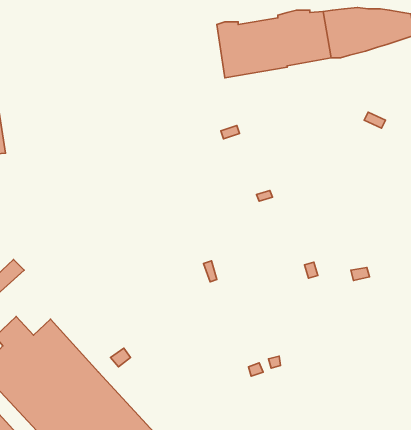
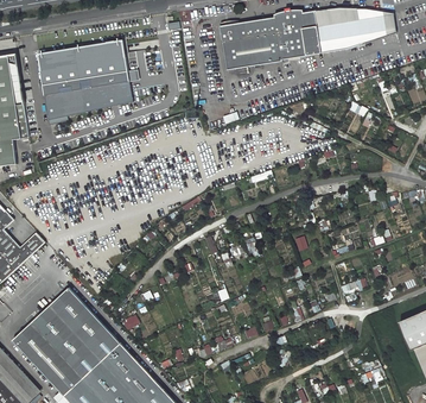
building: none -> [37,39,132,118]

